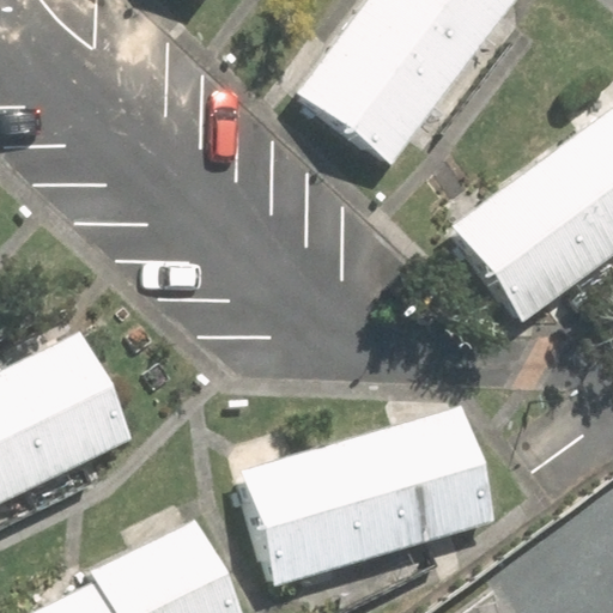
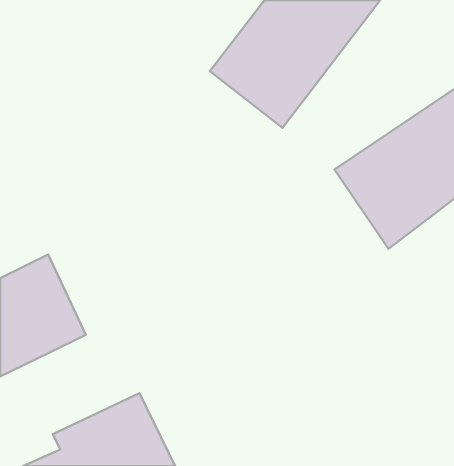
building: [238,408,491,582] -> none

